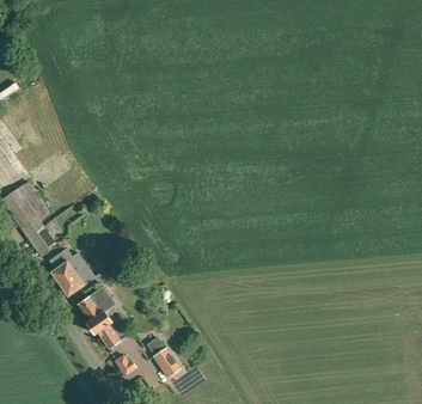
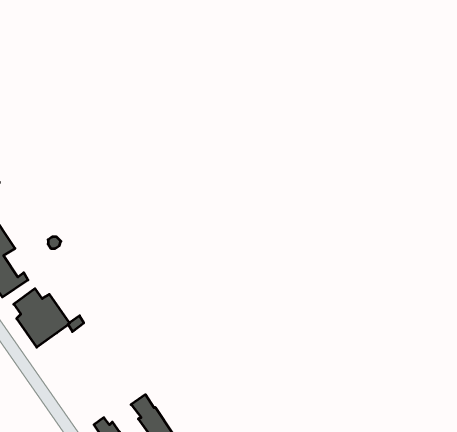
building: [78,293,120,348] -> none

